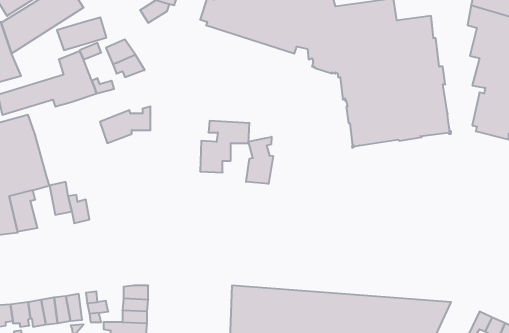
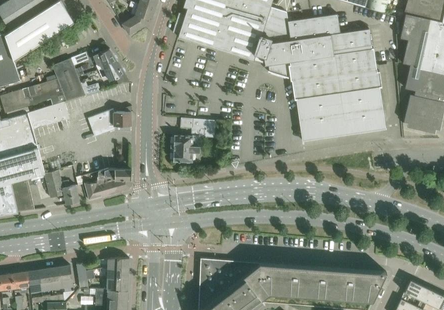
building: [57,17,106,50] -> [27,102,69,130]
building: [246,137,273,184] -> none
building: none -> [84,169,131,200]

